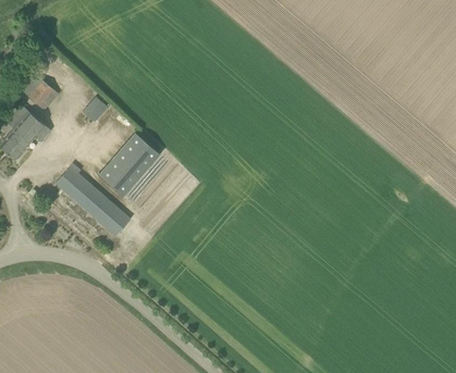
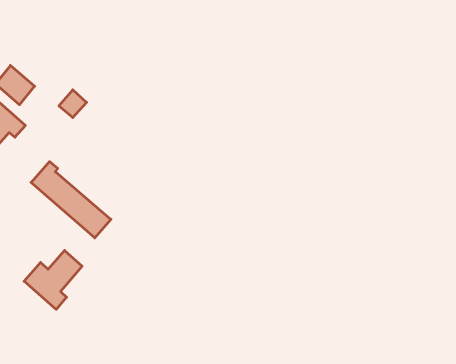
building: [99,132,160,195] -> none
building: none -> [24,250,82,309]

